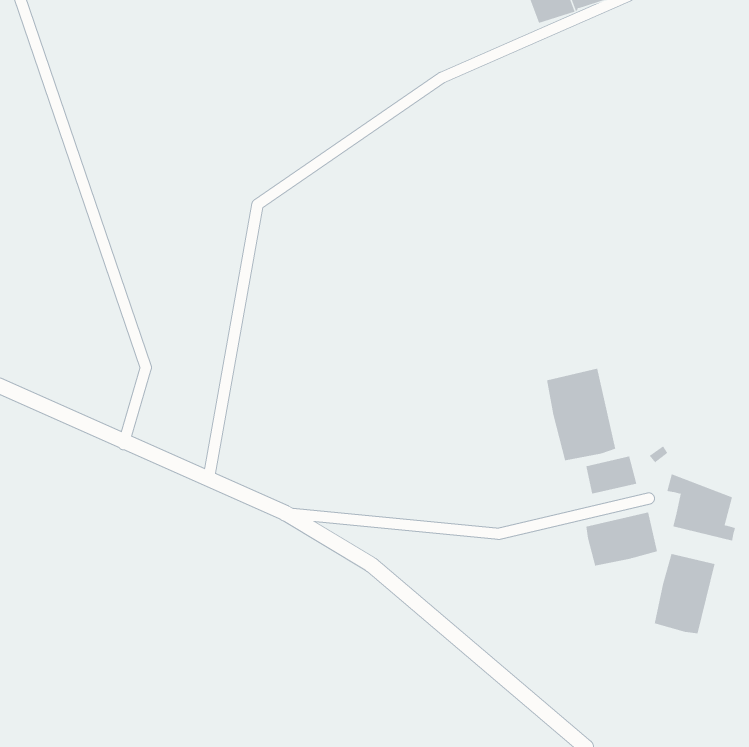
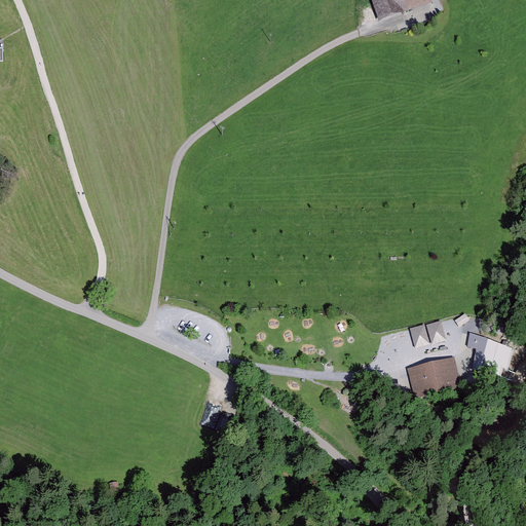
building: [546,368,616,461] -> none
building: [654,553,715,634] -> none

